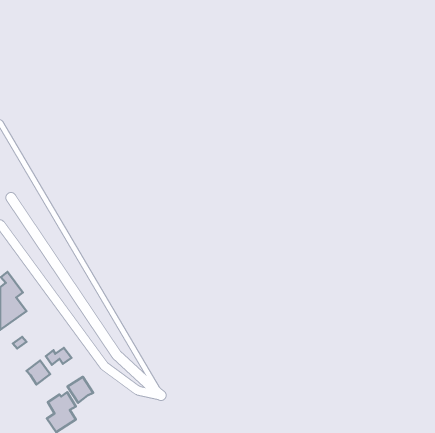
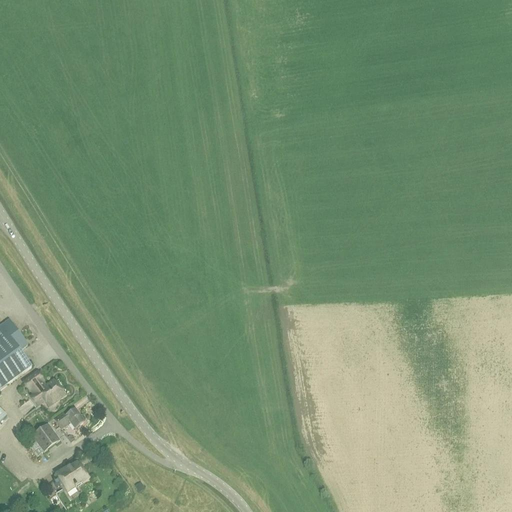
building: none -> [22,371,64,405]
building: [68,377,93,403] -> none

